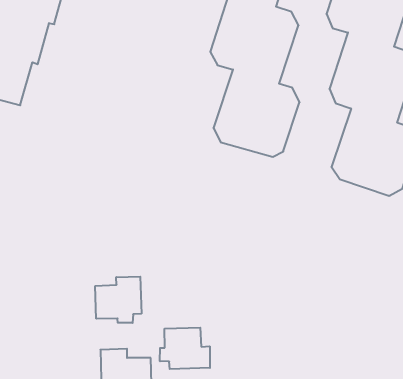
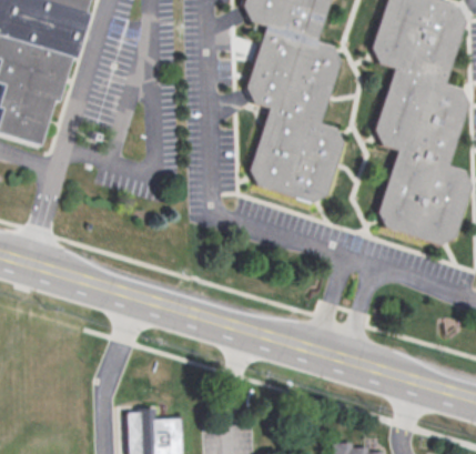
building: [95,277,141,323] -> none
building: [160,328,210,369] -> none

